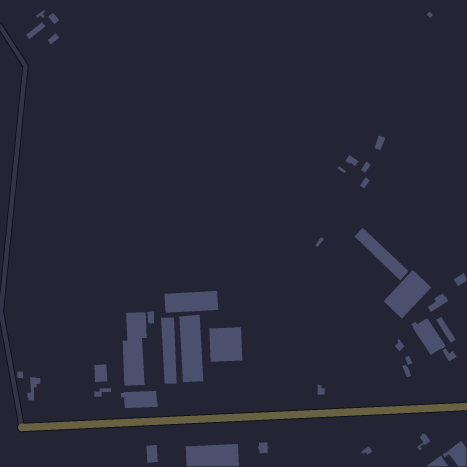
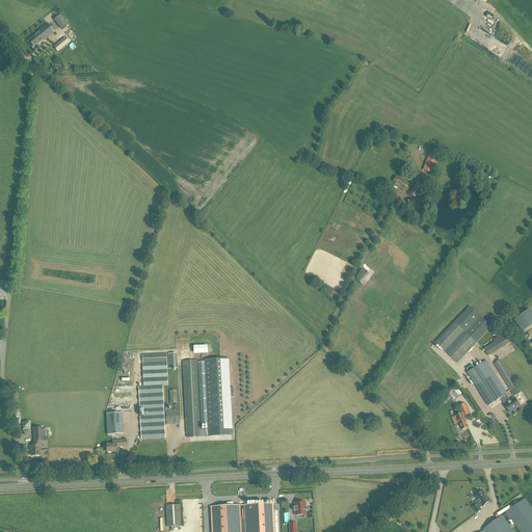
building: [354,227,409,282] -> none
building: [164,290,219,314] -> none
building: [209,326,243,363] -> none
building: [120,390,158,409] -> none

